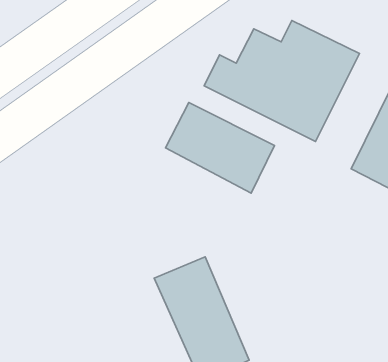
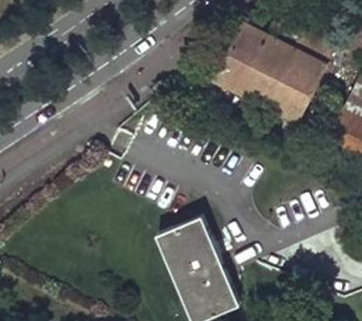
building: [166,102,275,193] -> none

